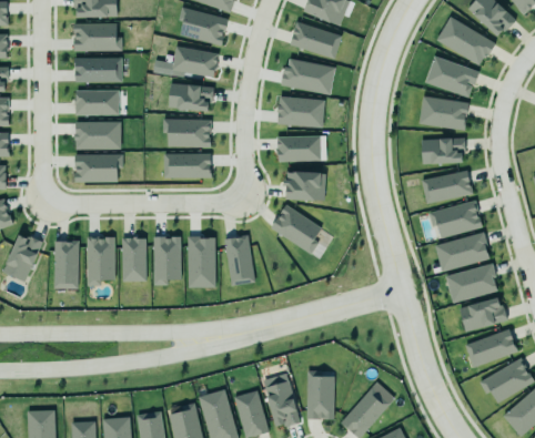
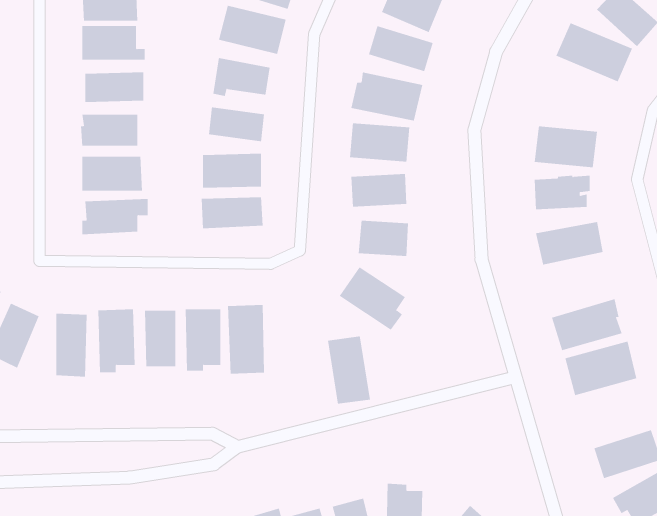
building: [425,57,480,98] -> none
building: [427,198,481,236] -> none
building: [222,233,255,285] -> [327,336,371,404]
building: [458,297,506,332] -> none

